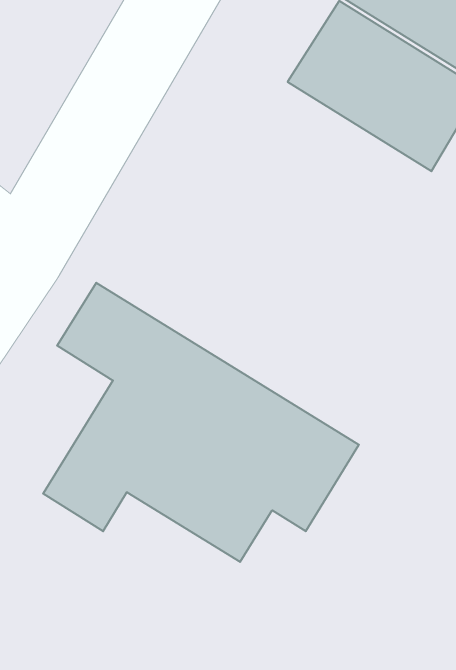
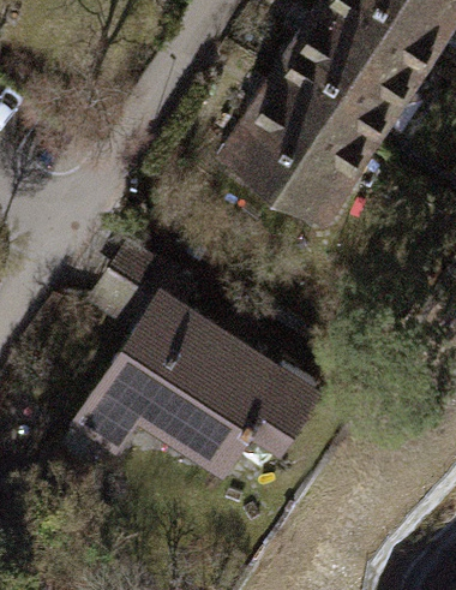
building: none -> [242,79,409,227]

